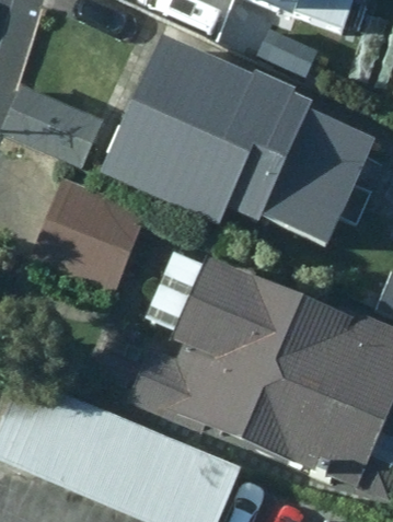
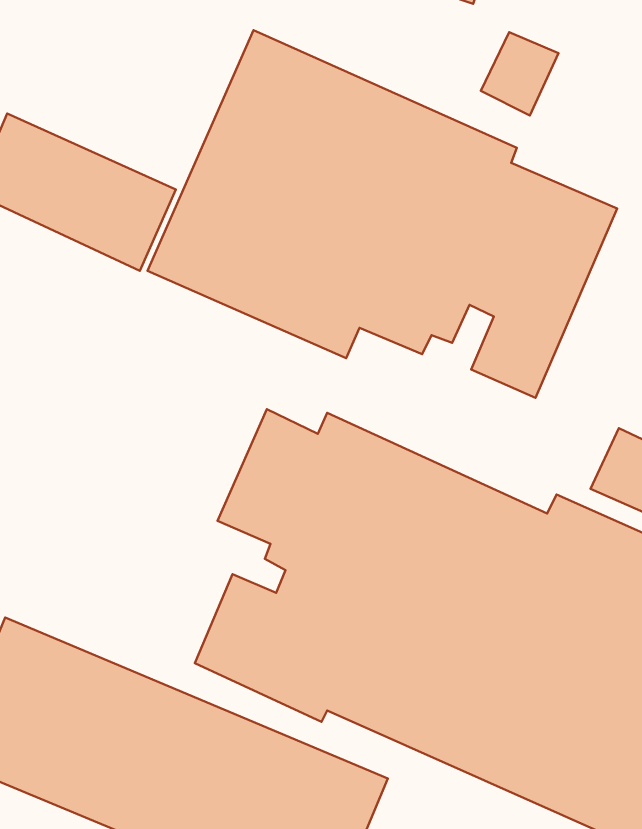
building: [33,182,148,292] -> none

